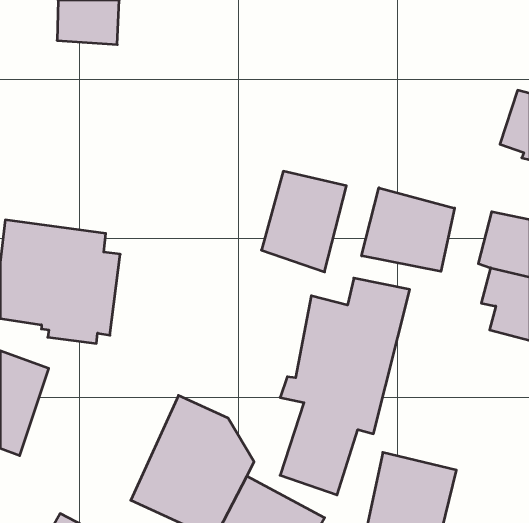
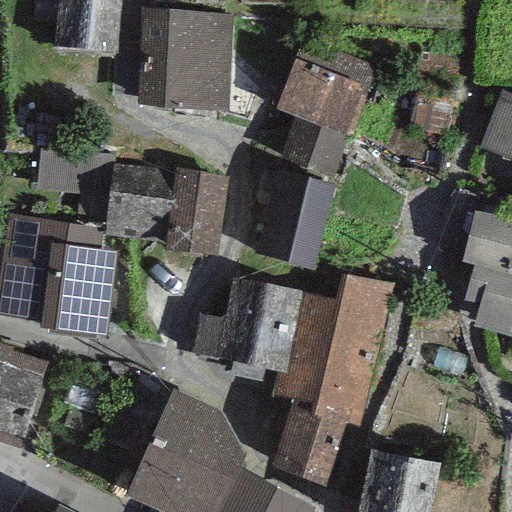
building: none -> [137,13,232,110]
building: none -> [276,54,377,177]
building: none -> [107,163,227,254]
building: [362,188,455,271] -> none
building: none -> [192,279,301,371]

